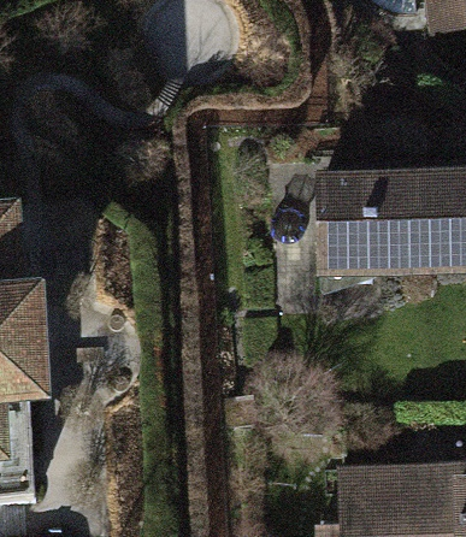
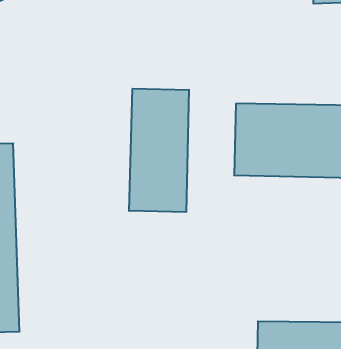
building: none -> [129,89,189,212]

